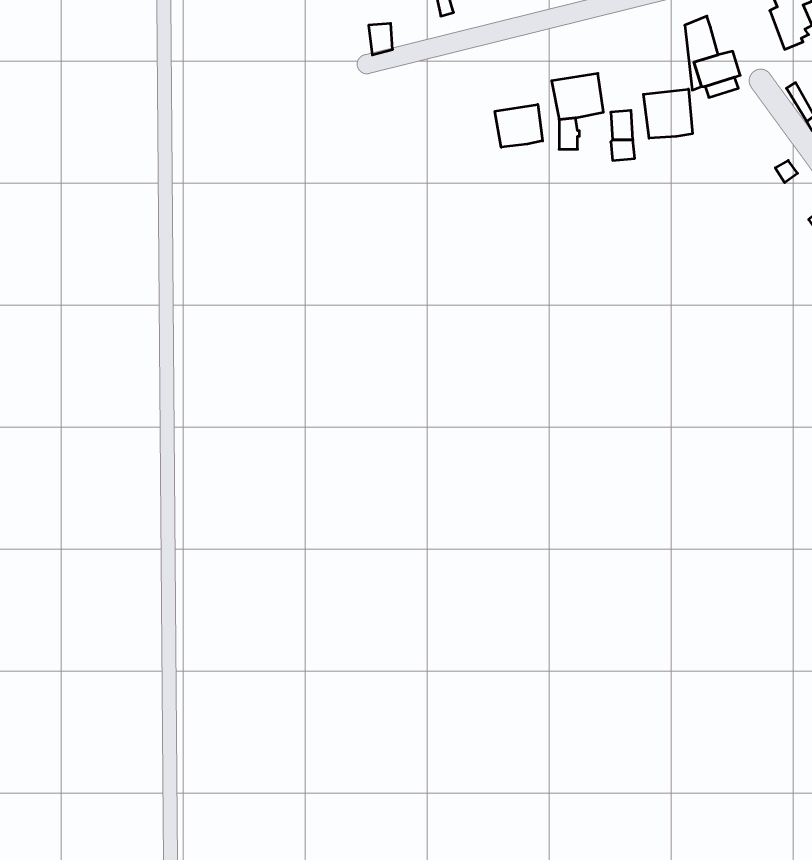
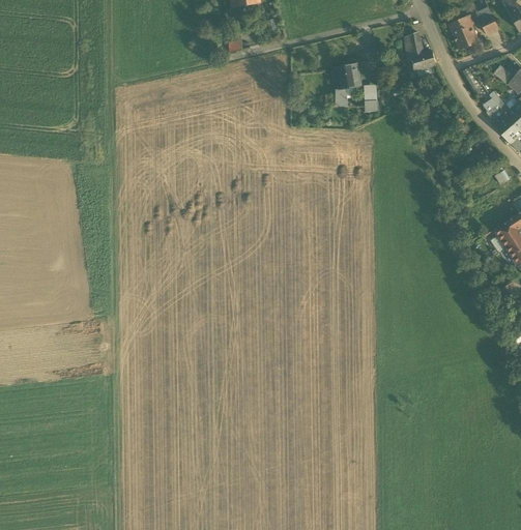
building: [643,89,692,138] -> none
building: [495,104,543,147] -> none

